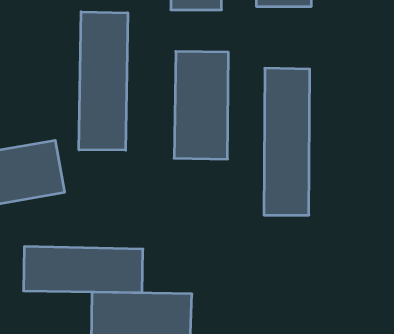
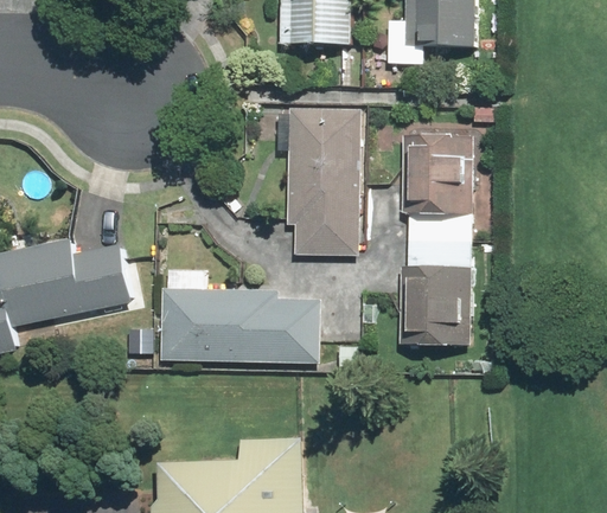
building: [79,12,128,150] -> none
building: [23,247,143,292] -> [153,288,320,352]

